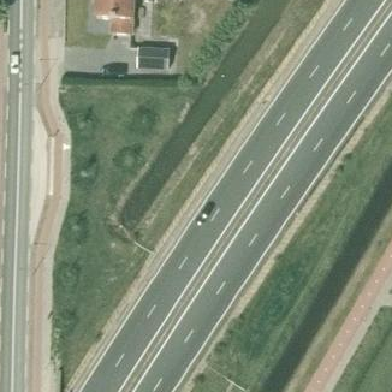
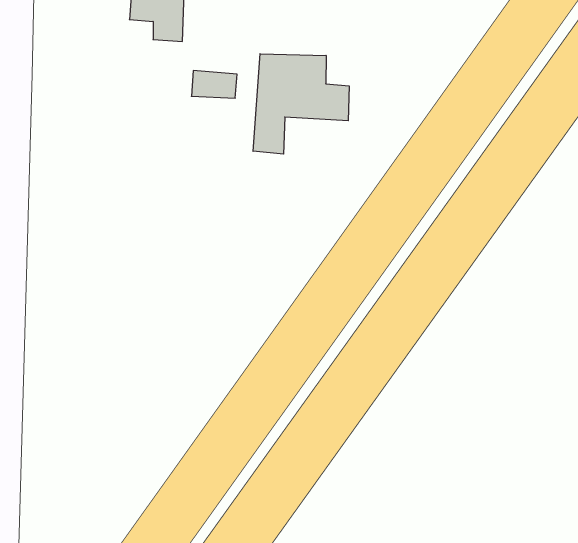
building: none -> [253,54,349,154]

